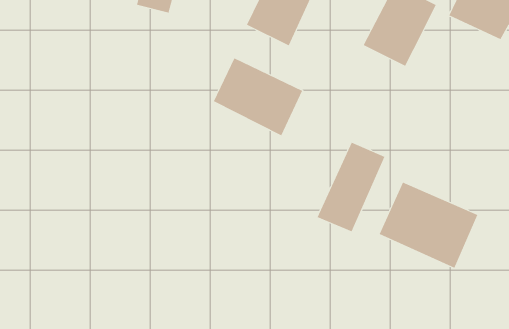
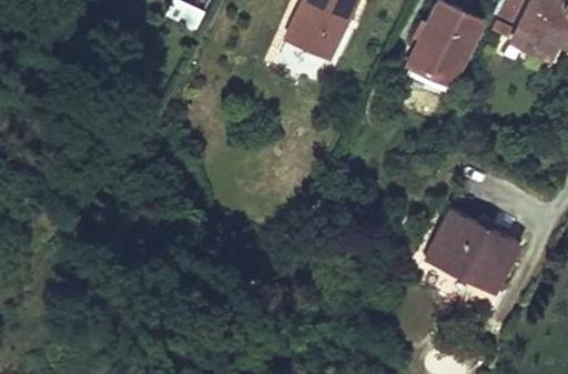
building: [213,58,303,136] -> none
building: [317,142,385,232] -> none

